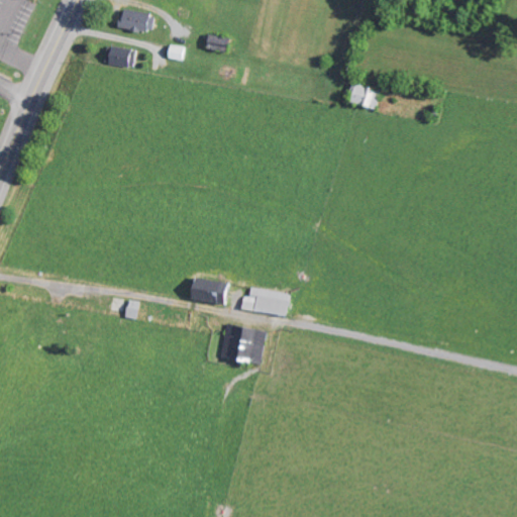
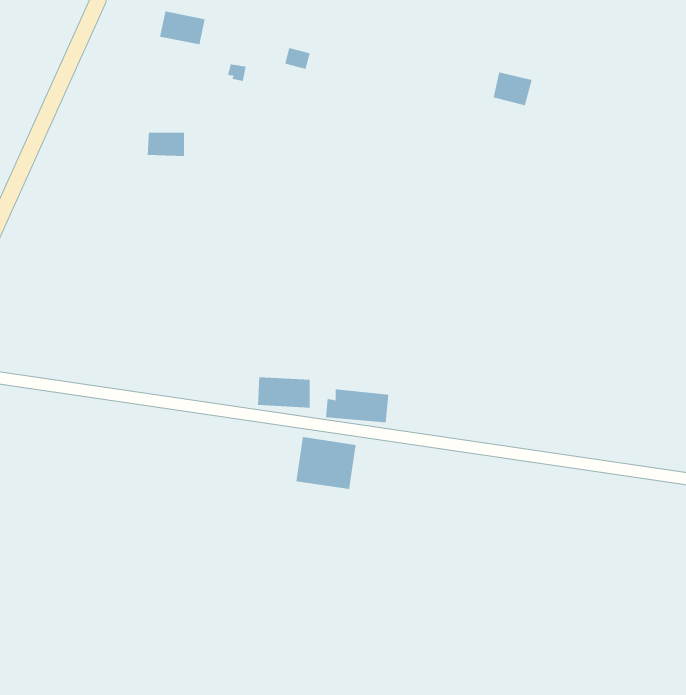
building: [105,47,133,66] -> [147,132,185,157]
building: [348,84,378,109] -> [493,72,532,106]

